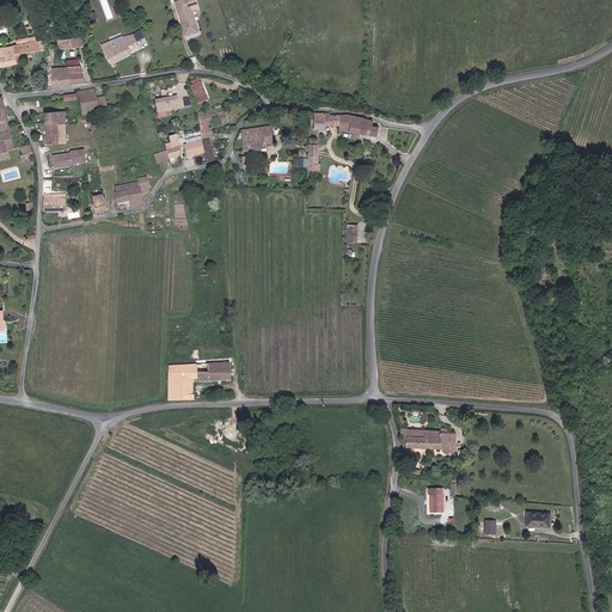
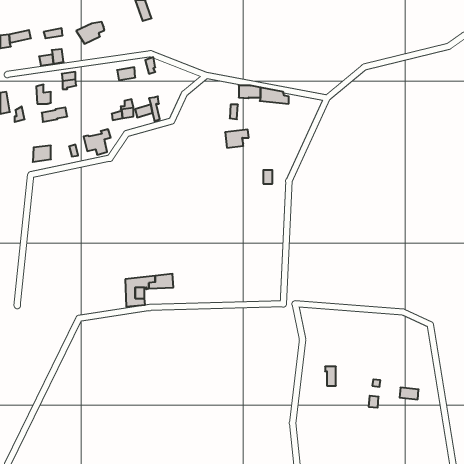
building: [243,128,274,152] -> [225,130,249,148]
building: [398,430,448,448] -> none

